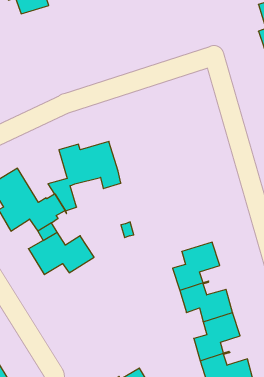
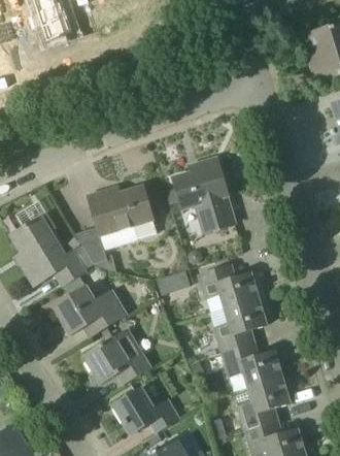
building: none -> [173,157,235,232]
building: none -> [199,263,259,308]
building: none -> [83,329,150,384]
building: none -> [114,389,178,433]

